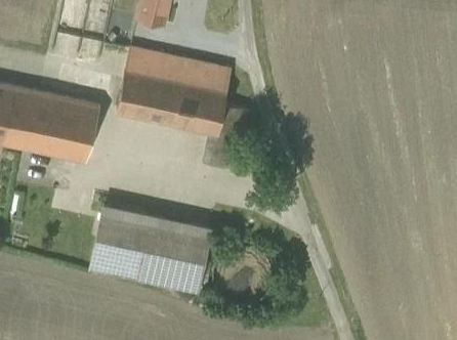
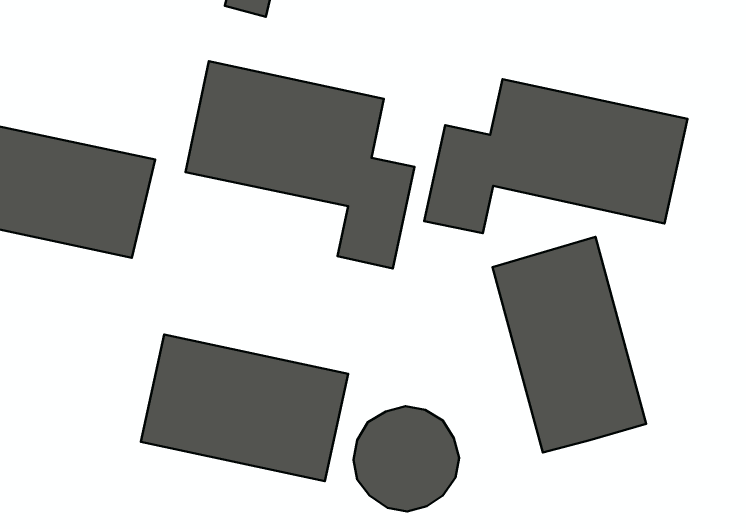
building: none -> [424,79,688,233]
building: none -> [492,237,646,452]

